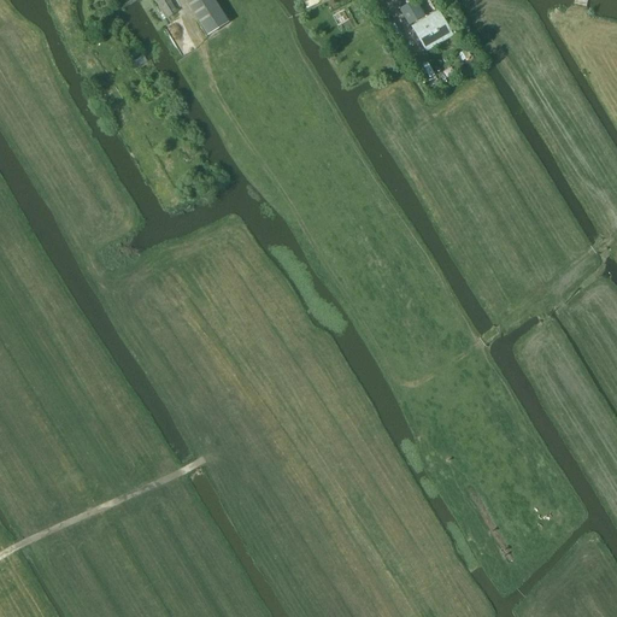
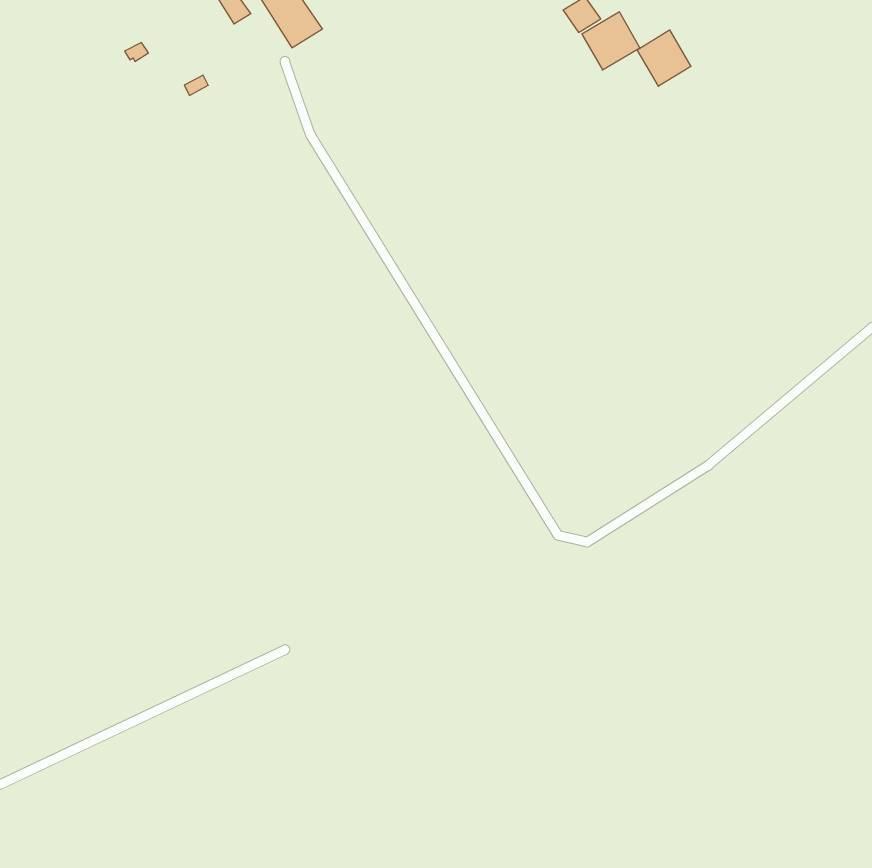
building: none -> [637,30,691,86]

